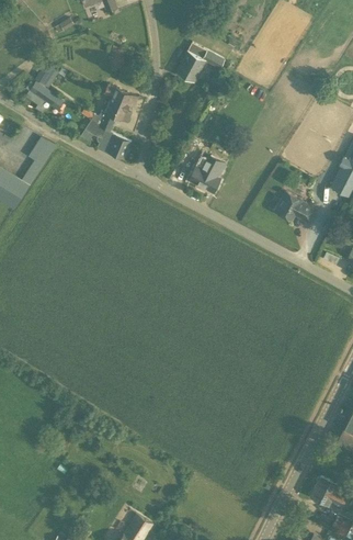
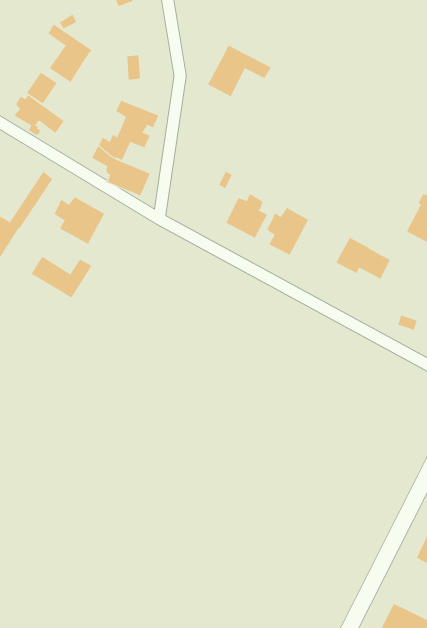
building: none -> [48,24,92,83]
building: none -> [54,197,105,244]
building: none -> [267,207,309,256]
building: none -> [31,256,92,299]

